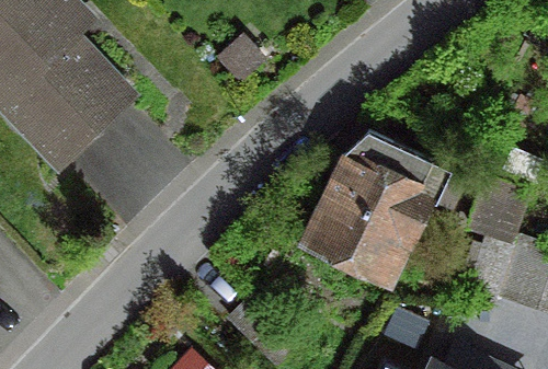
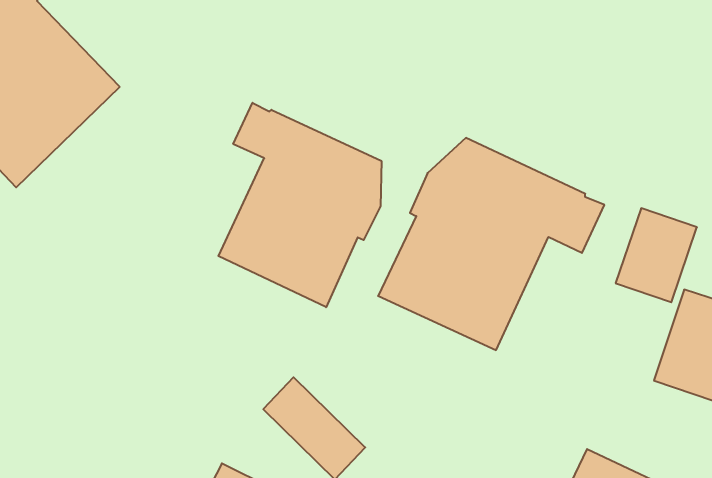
building: none -> [218,103,381,307]

